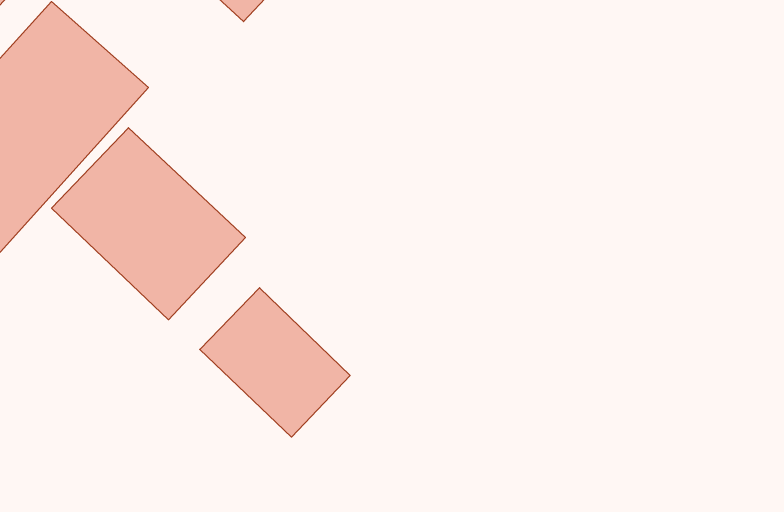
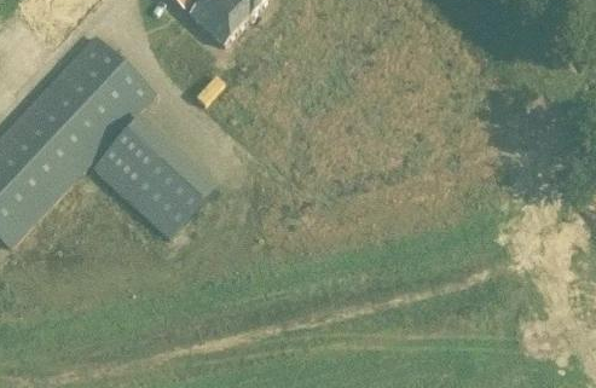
building: [200,288,350,437] -> none

